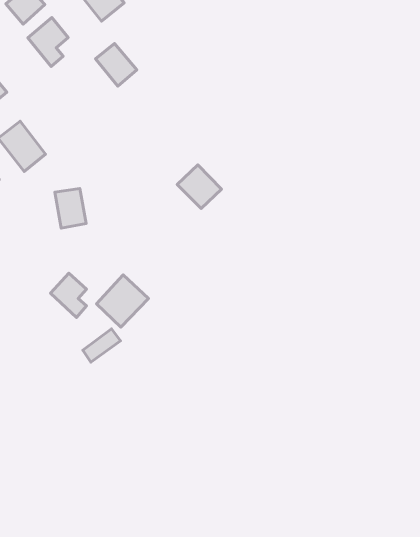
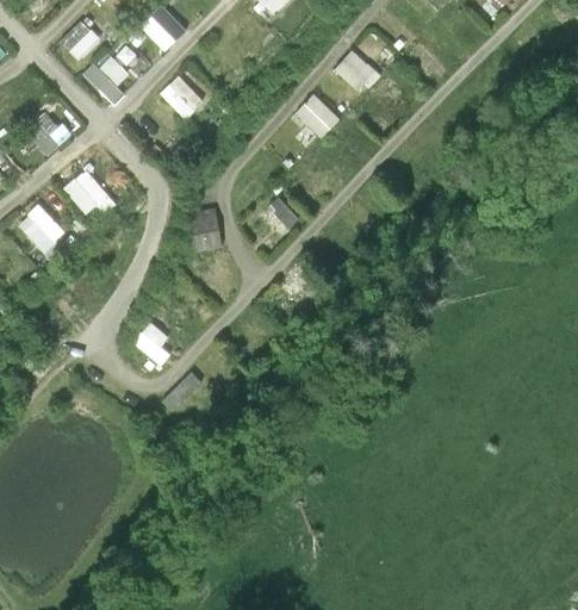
building: none -> [332,50,378,94]
building: none -> [293,94,340,139]
building: [55,188,86,228] -> [186,210,222,254]
building: [96,275,149,327] -> none

